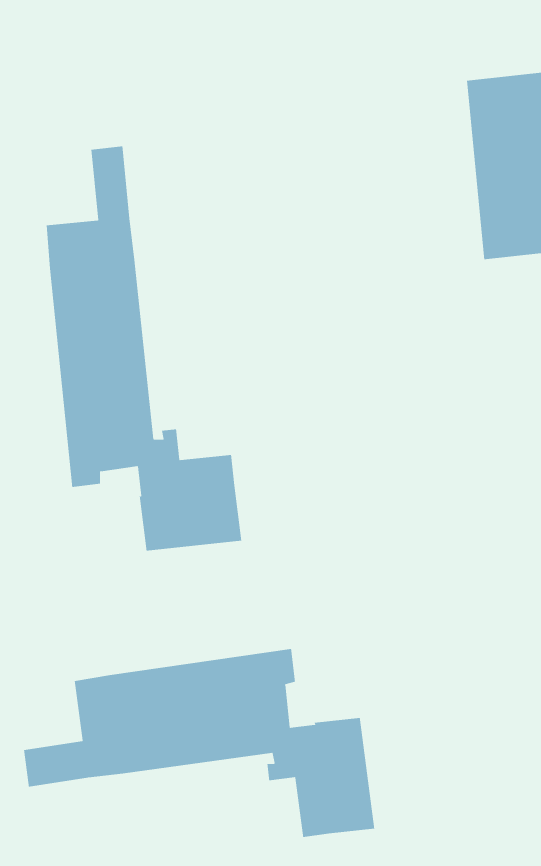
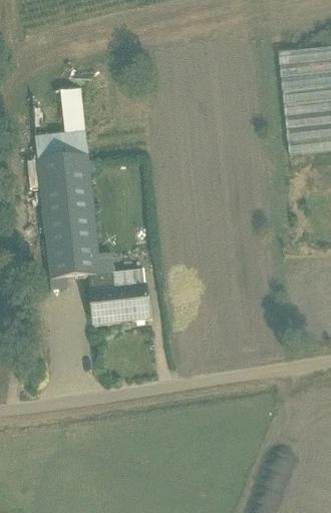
building: [24,648,375,838] -> none

